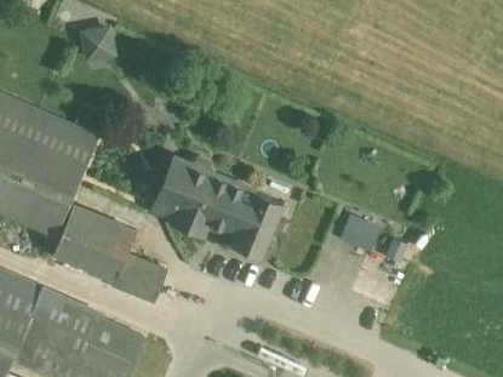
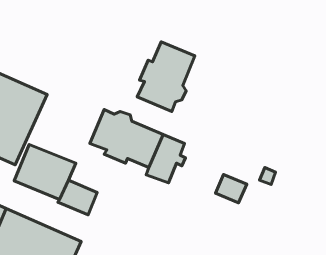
building: [81,23,119,61] -> none
building: none -> [137,42,195,111]
building: [341,213,383,252] -> [215,174,247,203]

